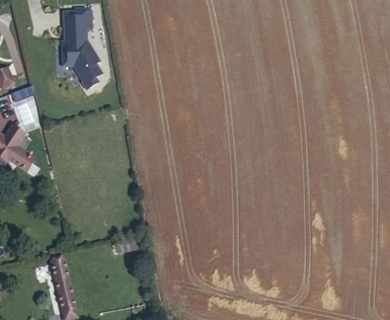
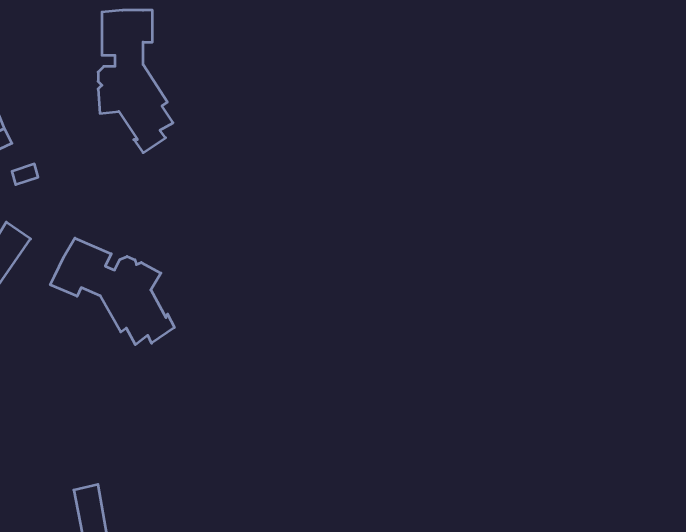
building: none -> [50,238,174,345]

